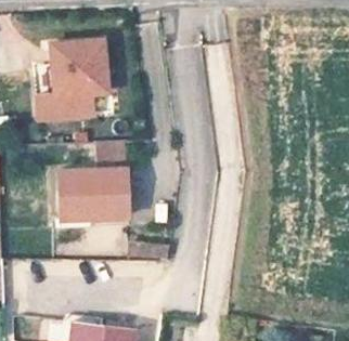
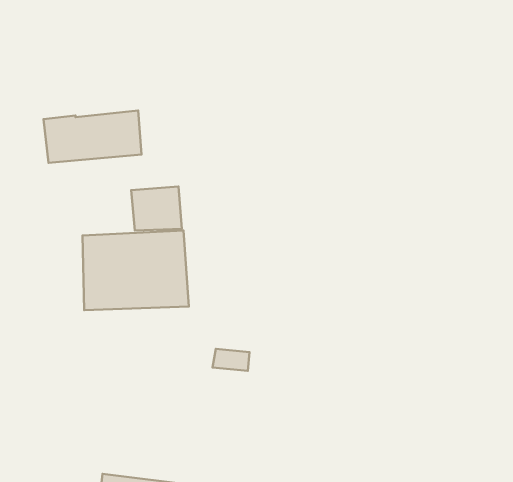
building: [52,39,107,95] -> none

